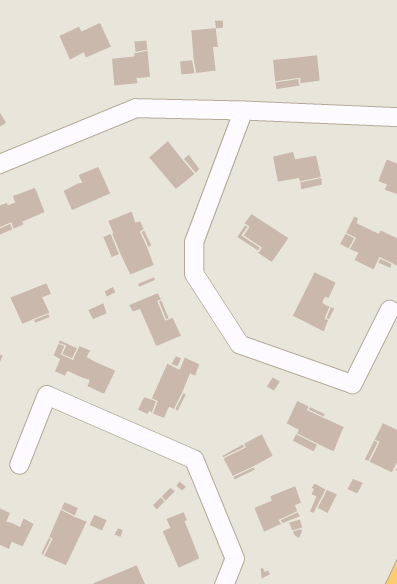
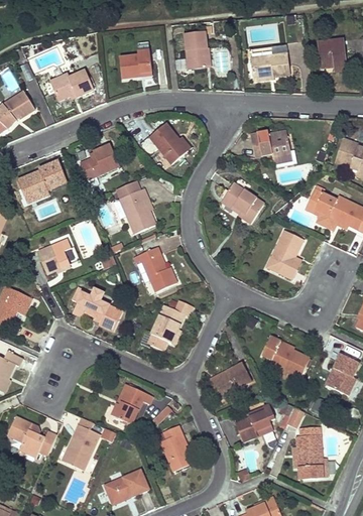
building: [58,22,112,61] -> [49,70,93,101]
building: none -> [317,39,347,71]
building: none -> [111,384,152,426]
building: none -> [296,427,323,479]

